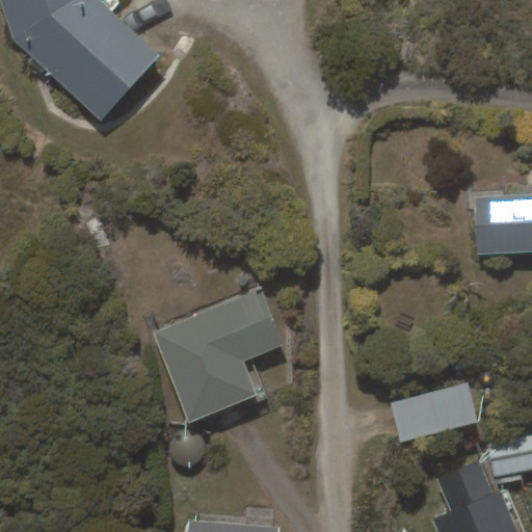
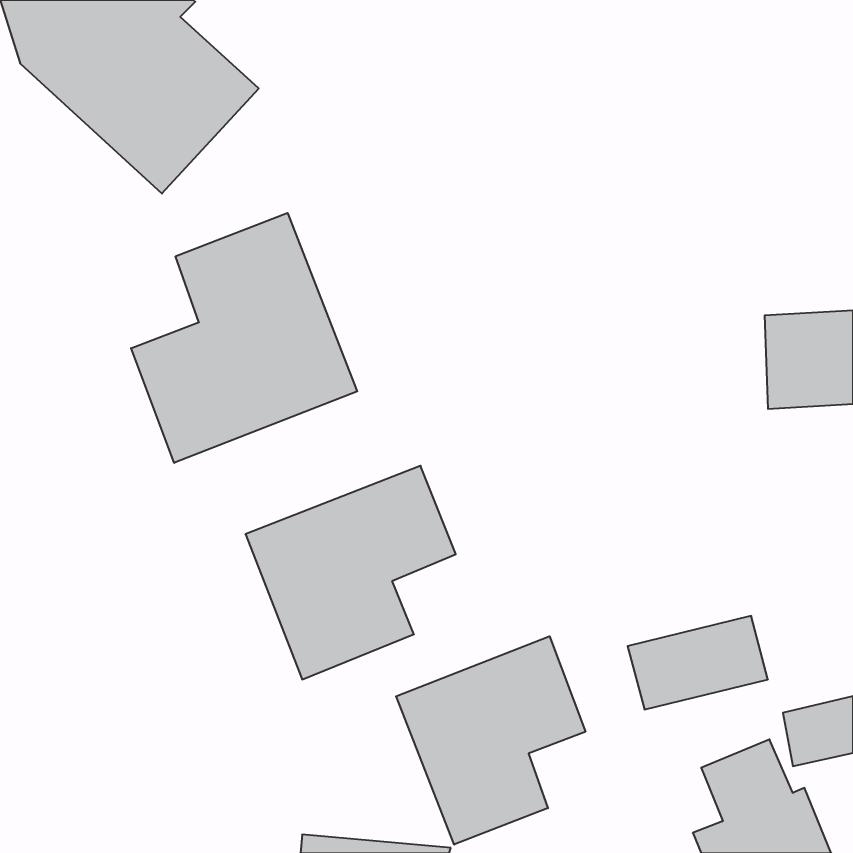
building: none -> [131,213,357,463]
building: none -> [396,636,585,845]

